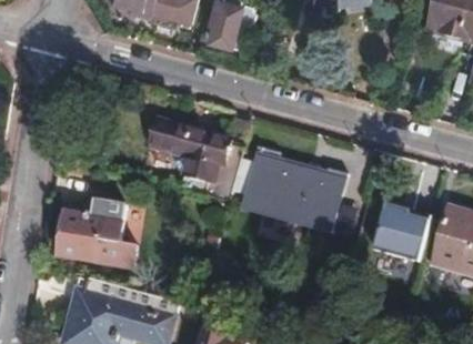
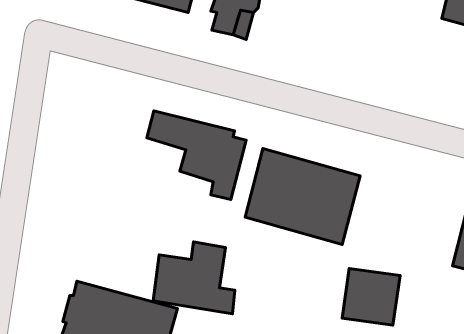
building: [57,199,133,266] -> [153,242,235,314]
building: [380,204,434,257] -> [342,268,400,325]

